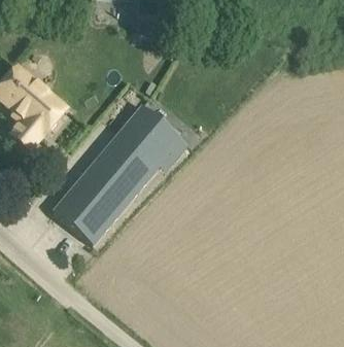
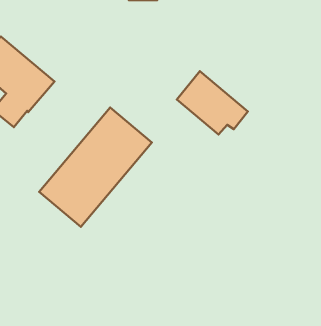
building: [121,104,187,164] -> [177,71,248,135]

